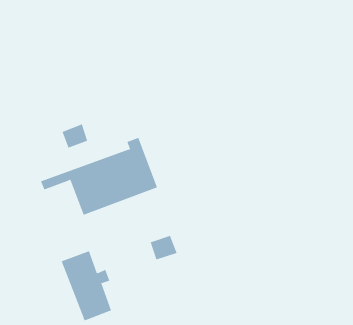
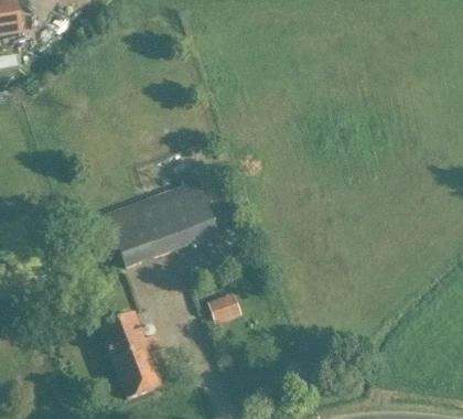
building: [62,124,88,148] -> none

